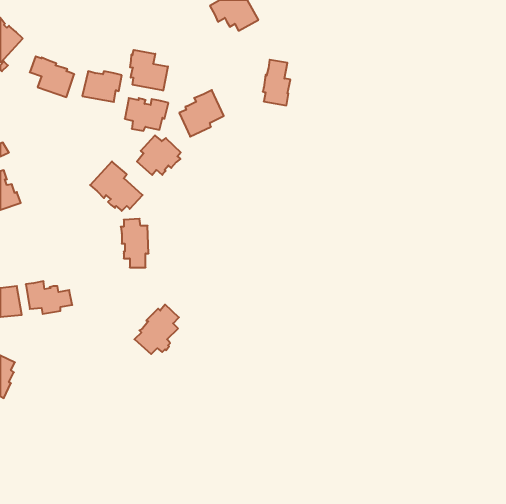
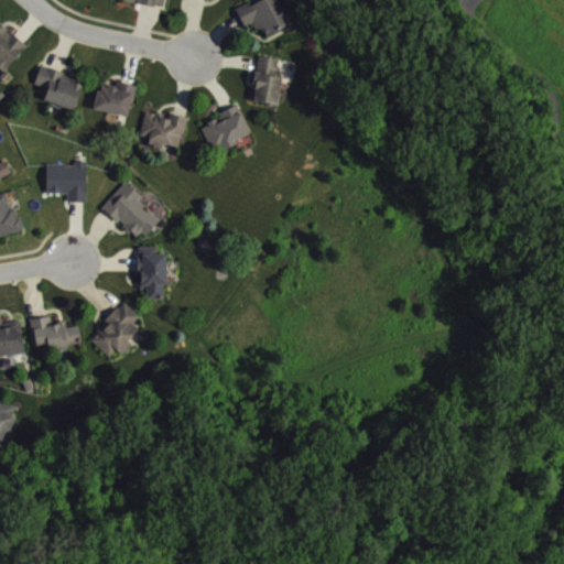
building: [130,50,168,91] -> none
building: [263,60,290,105] -> [250,55,281,106]
building: [137,135,181,175] -> none
building: none -> [45,160,85,202]
building: [134,305,179,354] -> [89,302,139,357]

